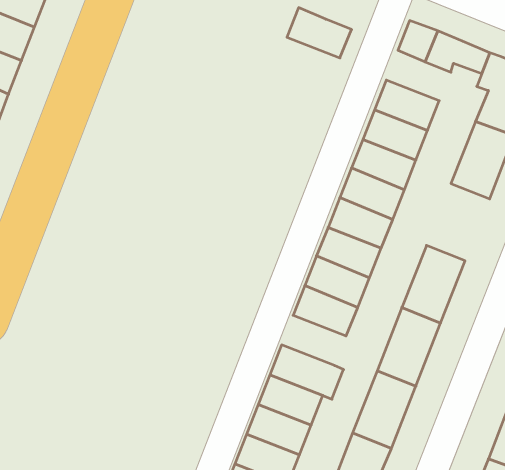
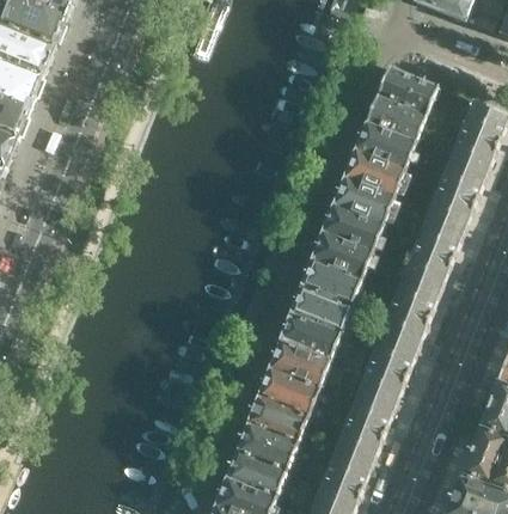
building: [287,8,352,58] -> [366,96,426,142]
building: none -> [403,219,461,290]
building: none -> [269,341,329,387]

